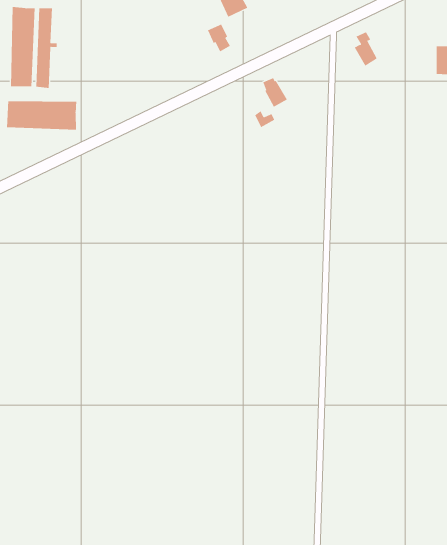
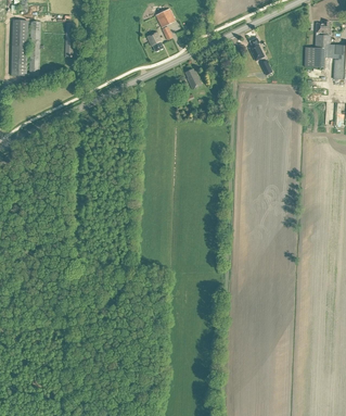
building: [6,100,77,130] -> none

